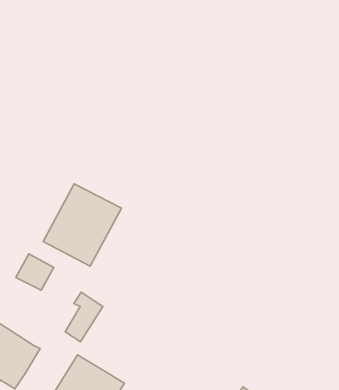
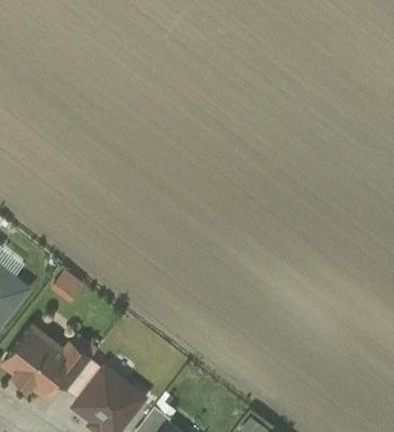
building: [43,184,121,266] -> none
building: [65,292,103,342] -> [52,344,90,390]

